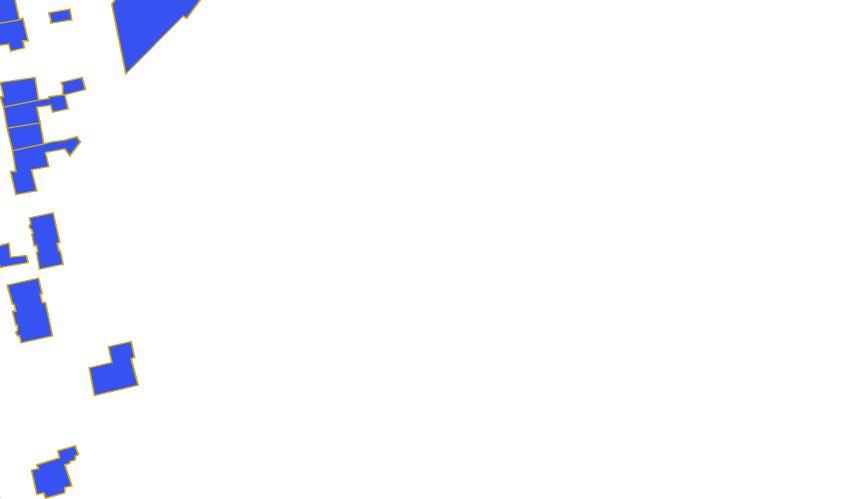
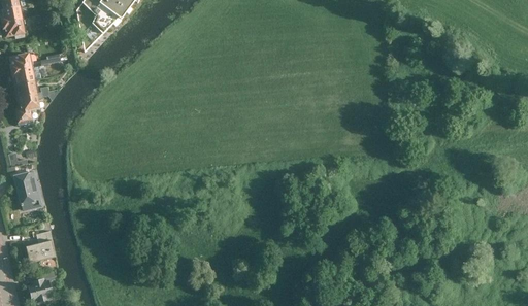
building: [30,213,63,269] -> none
building: [89,342,138,396] -> [26,231,55,263]

